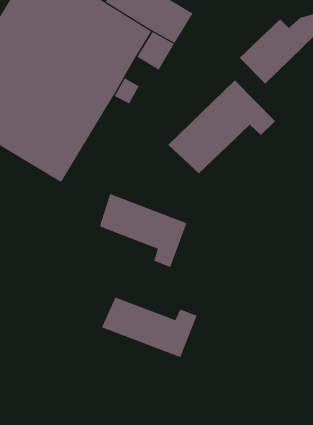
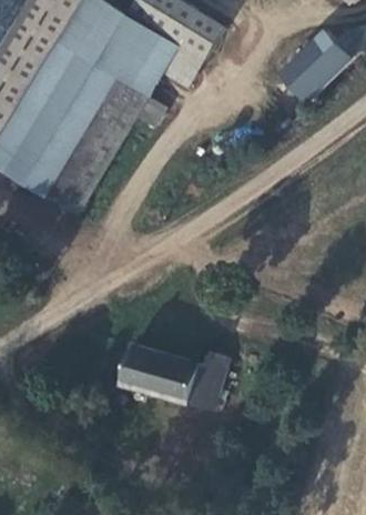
building: [167,80,276,174] -> none
building: [99,193,187,268] -> none

